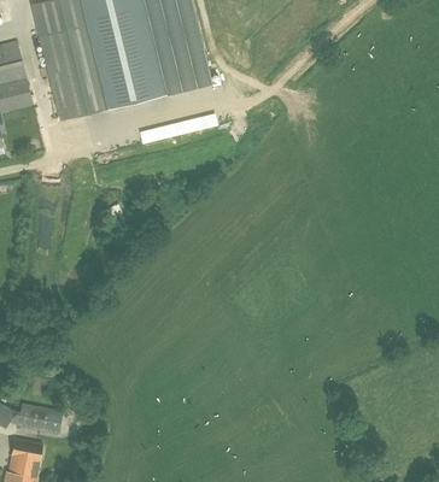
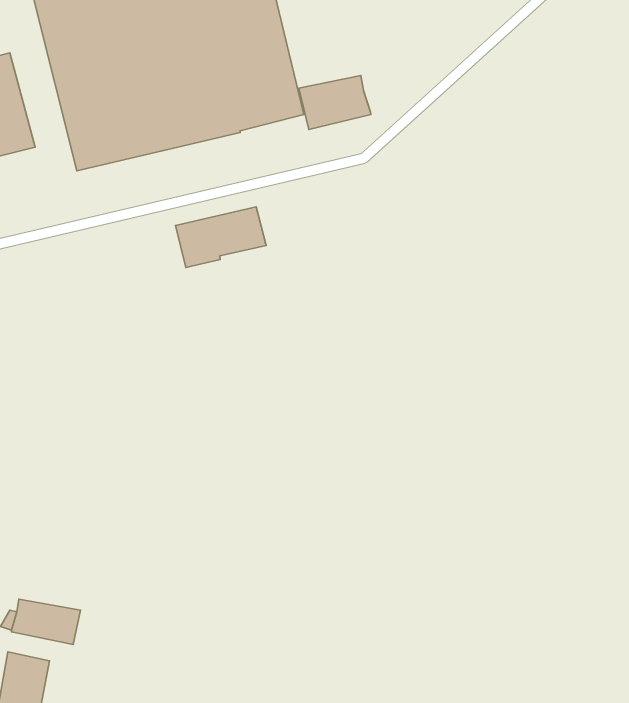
building: none -> [299,75,371,129]
building: none -> [176,207,266,268]

